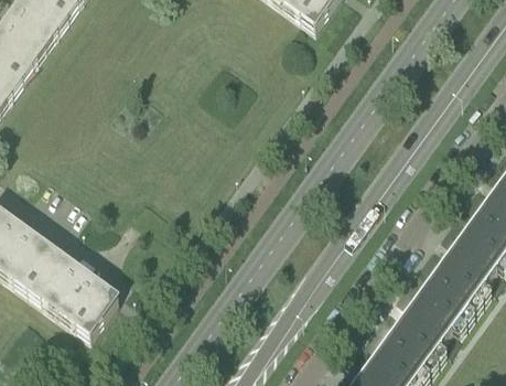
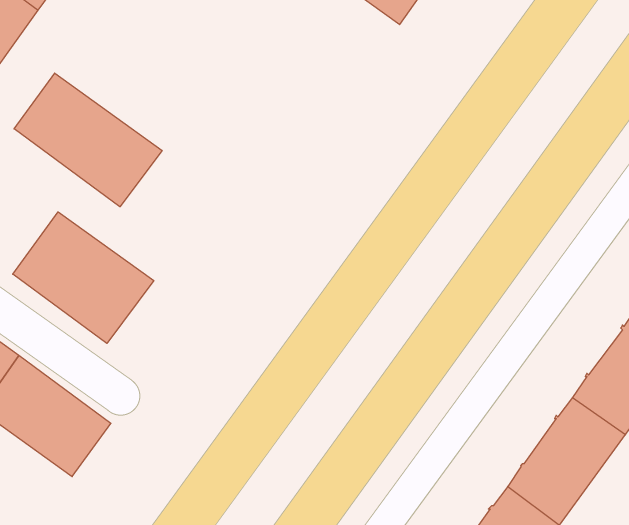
building: none -> [14,73,162,207]
building: none -> [13,212,154,343]

